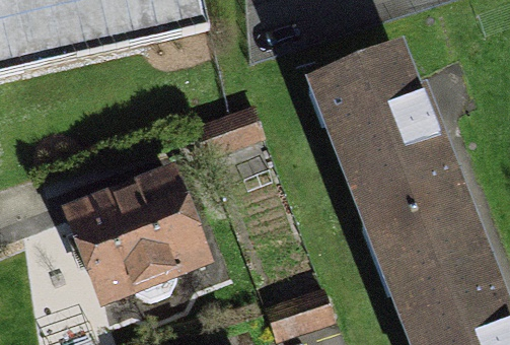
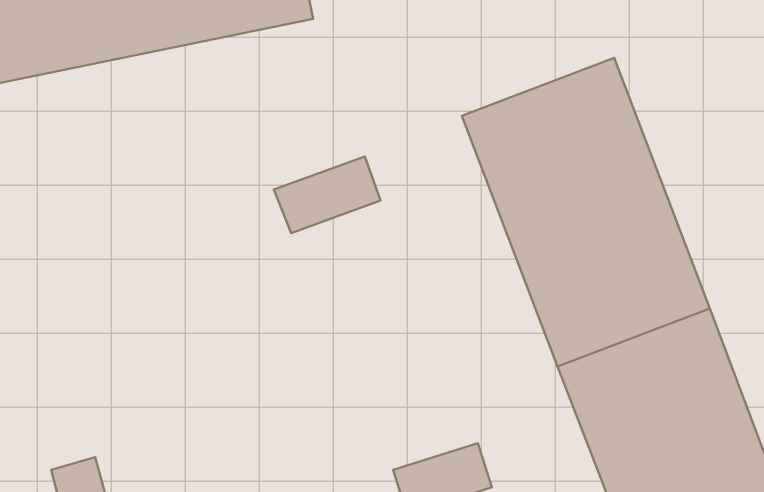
building: [57,165,201,298] -> none

